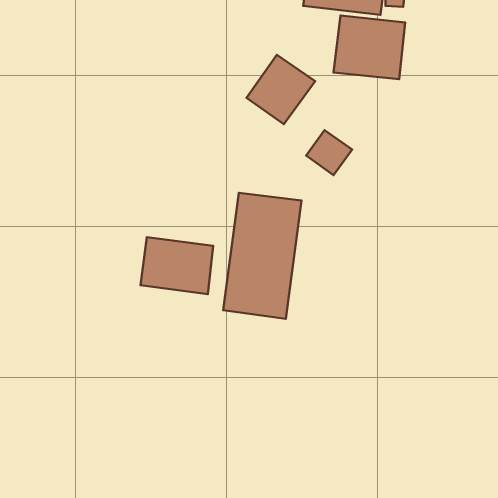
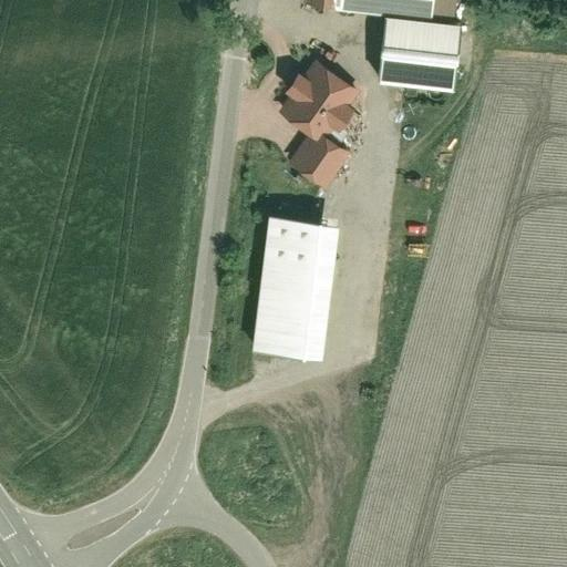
building: [306,130,352,175] -> [288,135,340,186]
building: [141,237,213,294] -> none

